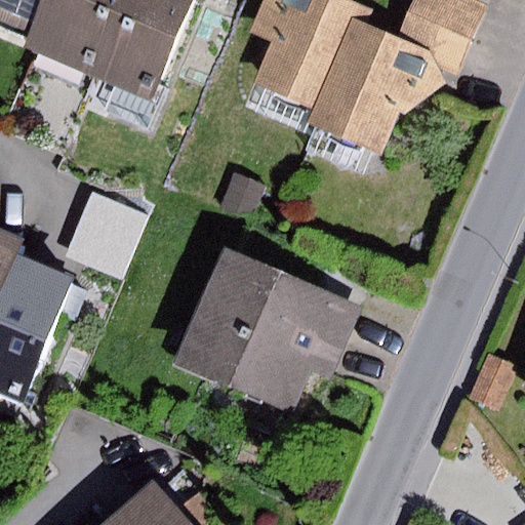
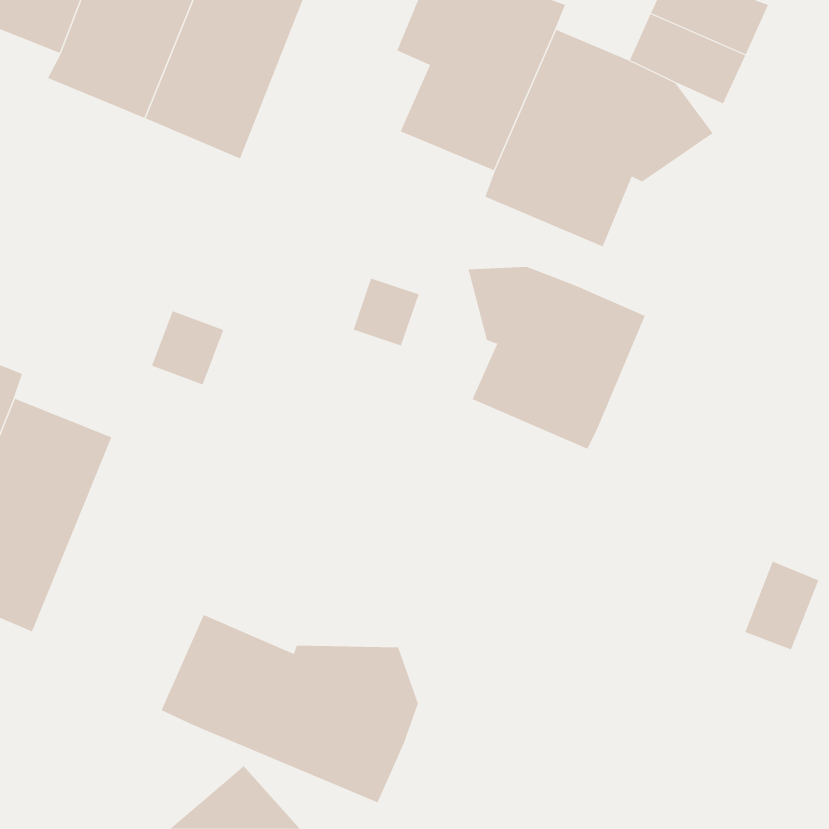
building: none -> [468,266,645,449]
building: [173,248,359,412] -> none
building: none -> [161,614,419,803]

